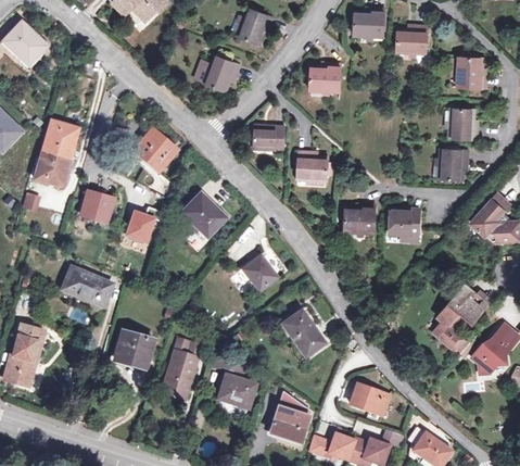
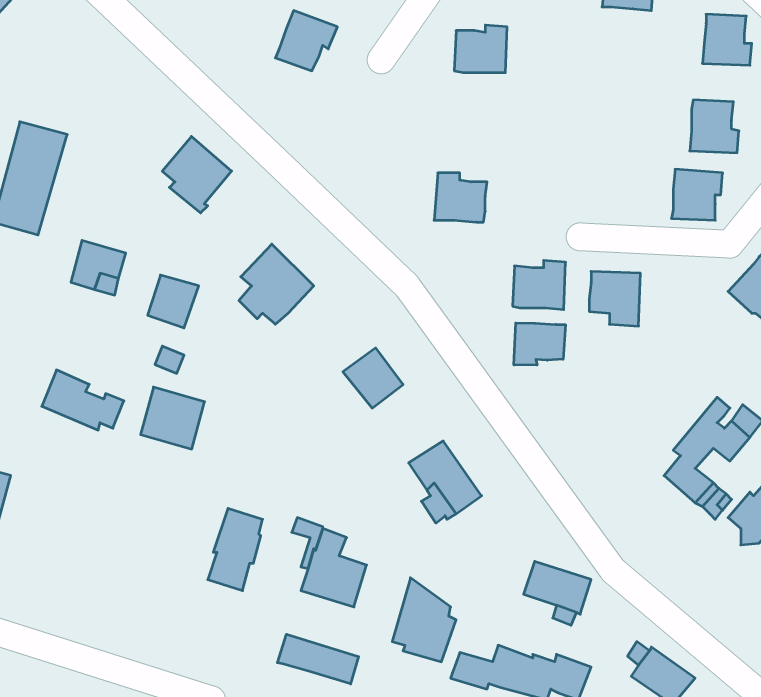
building: [253,125,284,150] -> none
building: none -> [514,323,565,365]
building: [115,330,153,367] -> [141,387,205,449]
building: none -> [277,634,359,684]

